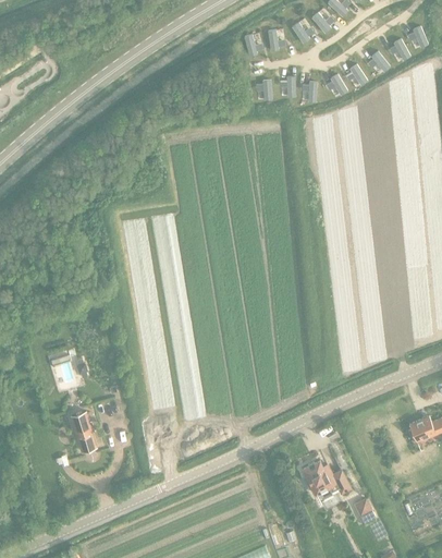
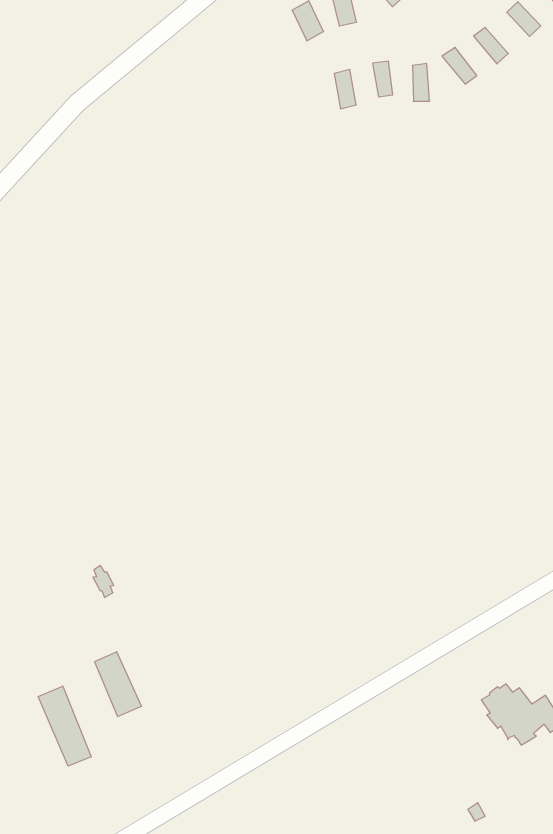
building: none -> [38,686,91,766]

